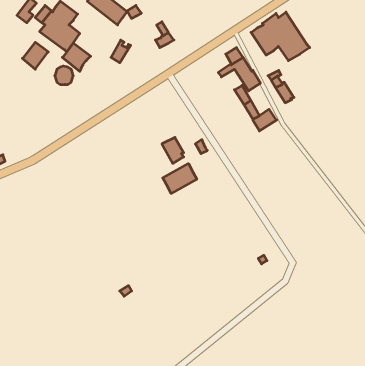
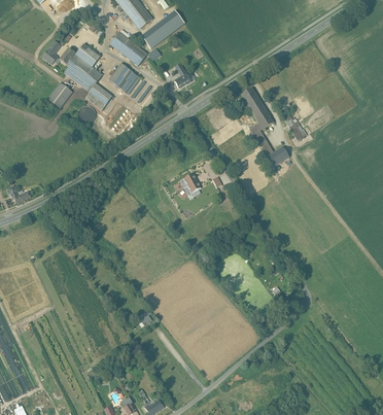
building: [251,12,310,61] -> none
building: none -> [109,63,137,92]
building: [163,164,197,193] -> none

